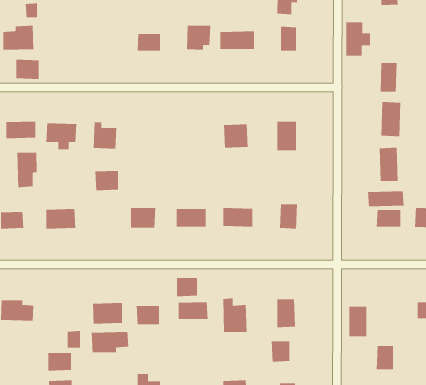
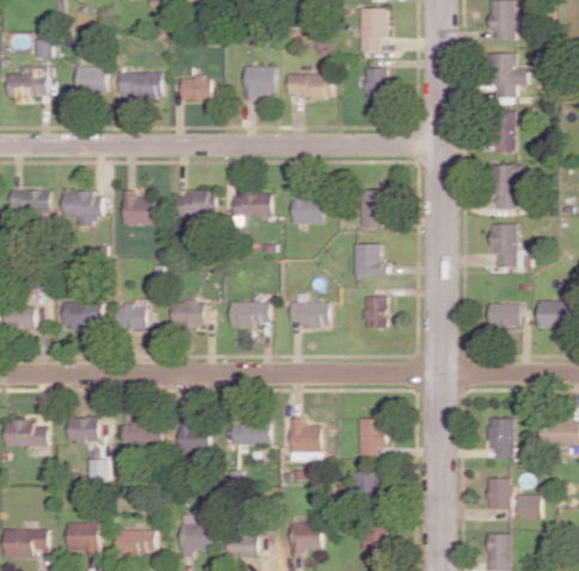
building: [346,22,371,56] -> [493,53,525,97]
building: none -> [118,72,161,96]
building: [15,59,40,80] -> [77,65,108,91]
building: none -> [176,192,215,217]
building: none -> [232,192,272,217]
building: [17,152,37,188] -> none
building: none -> [353,243,386,275]
building: [95,170,119,191] -> [115,302,146,328]
building: [368,190,404,207] -> none
building: [176,277,197,297] -> none
building: [348,306,367,337] -> [489,418,513,457]
building: [91,331,129,353] -> none
building: [48,353,72,371] -> [67,418,98,442]
building: none -> [516,494,540,518]

